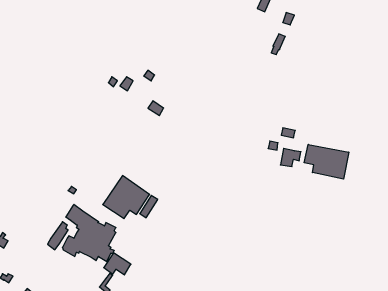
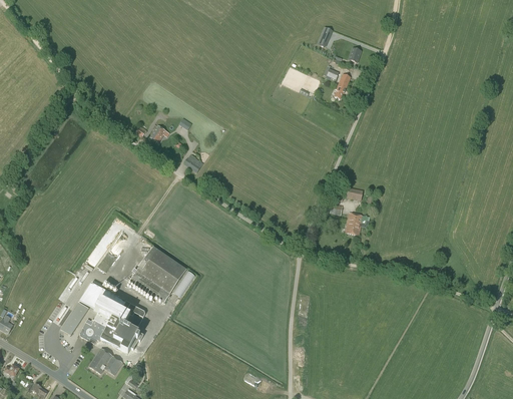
building: [304,144,349,179] -> none
building: [104,253,131,275] -> [89,348,122,375]

